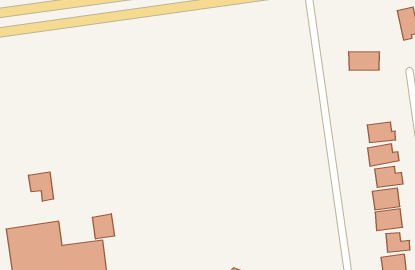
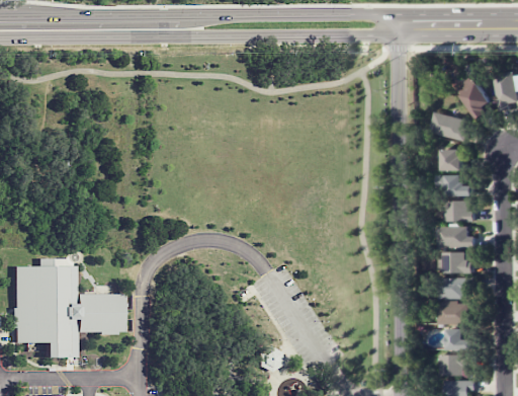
building: none -> [457,77,493,117]
building: none -> [442,149,463,170]
building: none -> [436,174,474,195]
building: [29,172,54,201] -> none
building: [92,214,115,239] -> none

